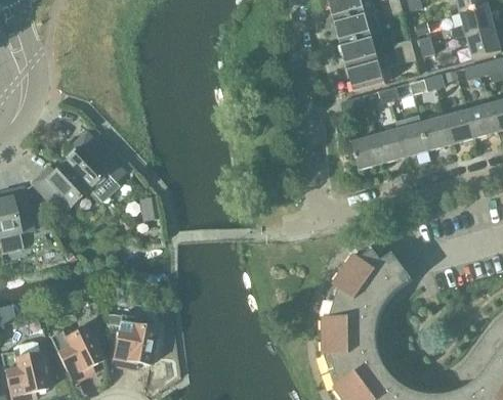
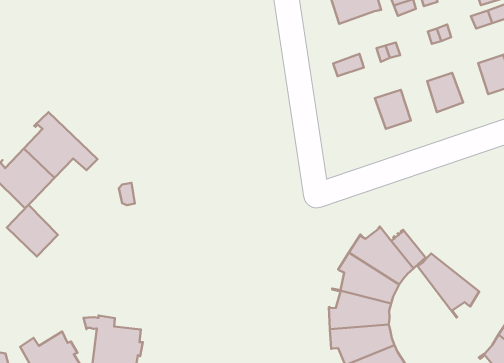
building: [346,58,384,91] -> none
building: [444,109,474,143] -> none
building: [394,115,428,157] -> none
building: [350,135,382,169] -> none
building: none -> [7,205,58,256]
building: none -> [418,253,479,318]

